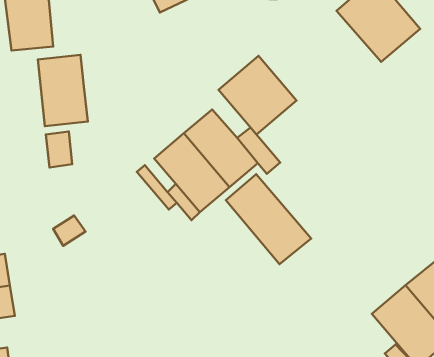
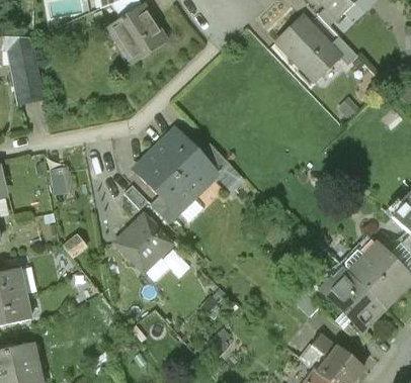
building: [38,55,88,126] -> none
building: [219,56,297,135] -> none
building: [226,174,311,264] -> none
building: none -> [113,213,169,268]

